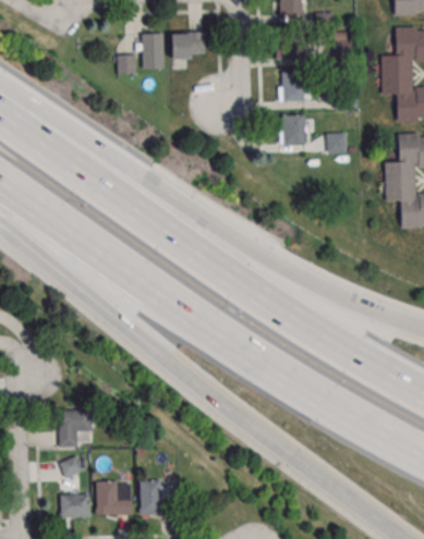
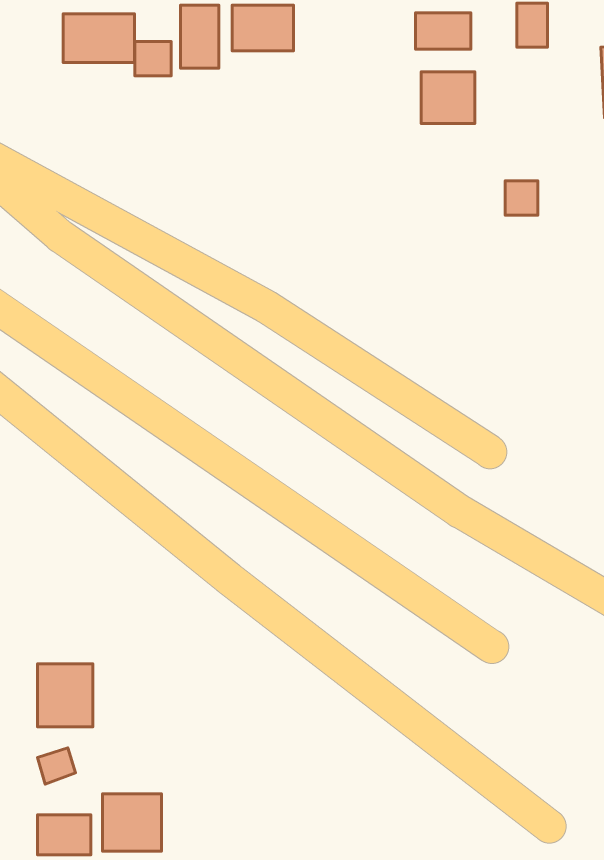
building: none -> [63,14,135,62]
building: [280,115,304,144] -> none
building: [140,481,174,513] -> none

